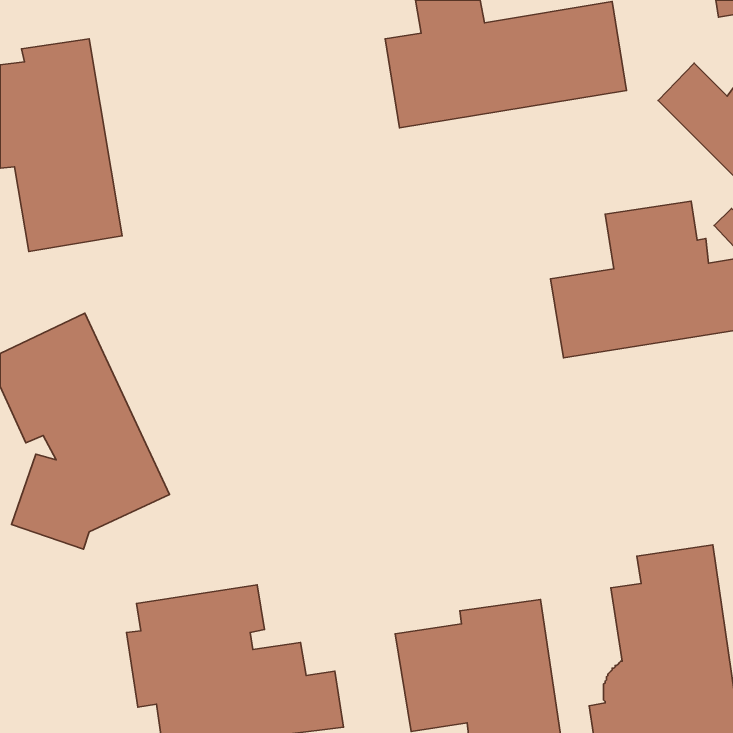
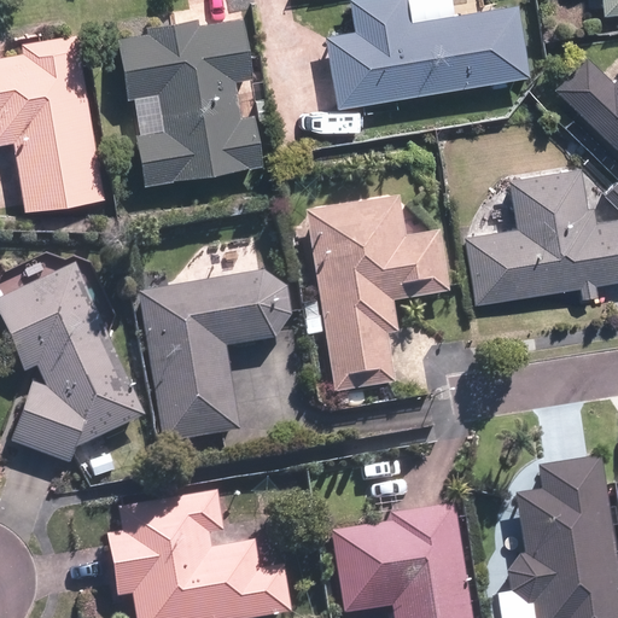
building: none -> [117,16,263,185]
building: none -> [296,194,449,392]
building: none -> [138,221,290,442]

